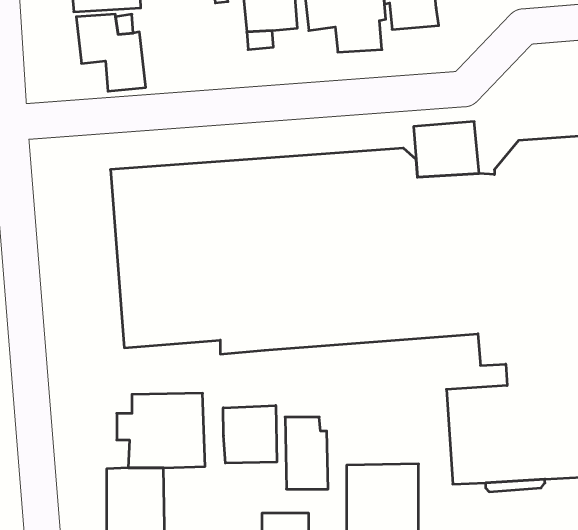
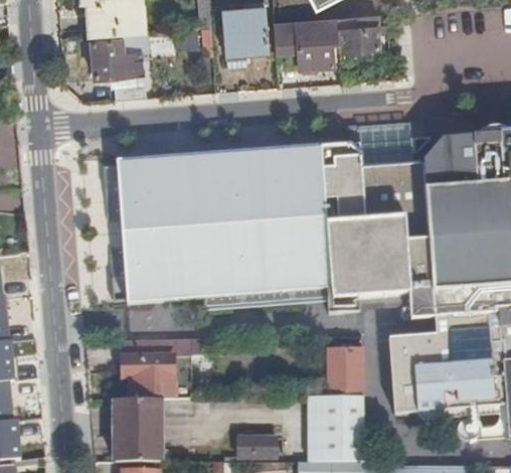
building: [223,405,277,463] -> none
building: [285,417,328,489] -> [329,337,363,395]

